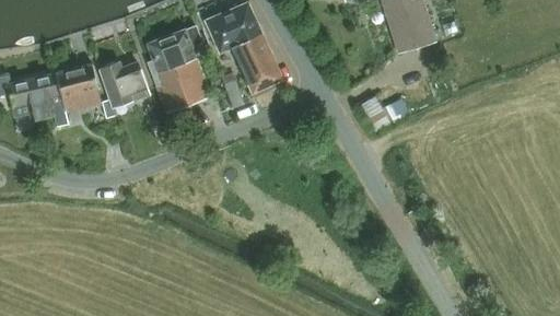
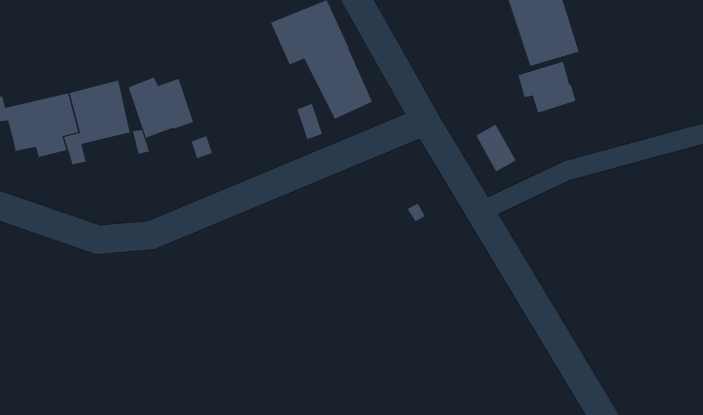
building: [147,25,210,113] -> none
building: none -> [518,61,576,114]

